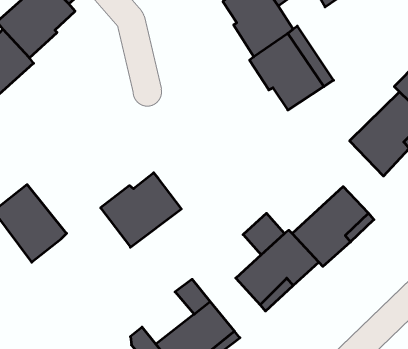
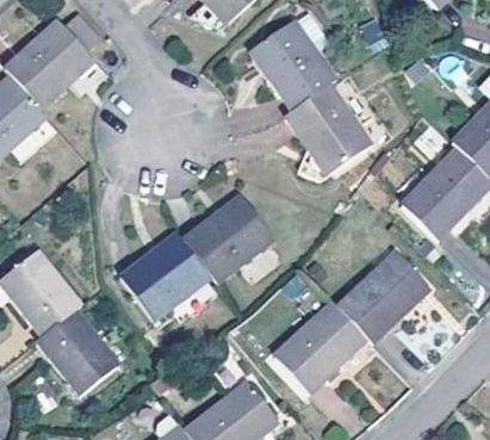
building: none -> [185,200,273,284]
building: none -> [38,311,119,396]

